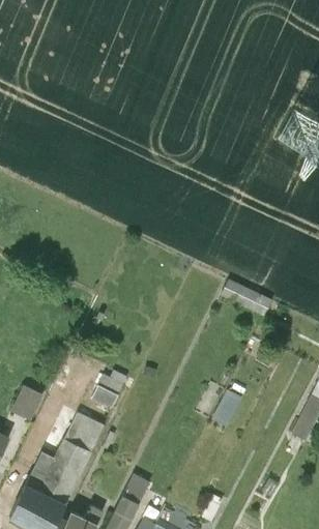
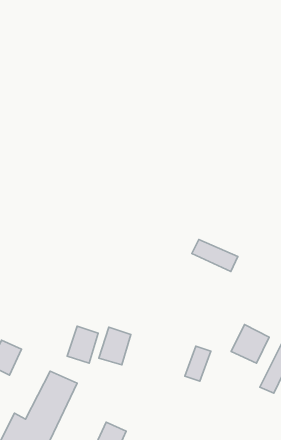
building: none -> [231,325,269,363]
building: none -> [99,327,131,365]

